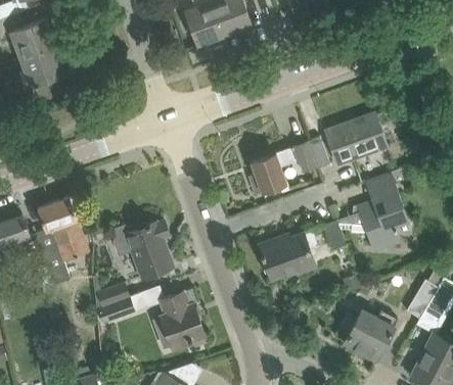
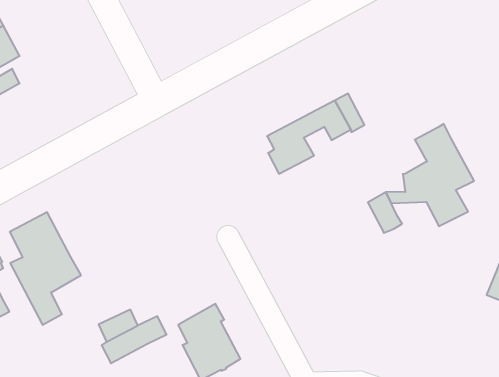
building: [325,114,386,164] -> none
building: [110,218,173,279] -> none
building: [260,234,312,280] -> none
building: [344,310,396,359] -> none

